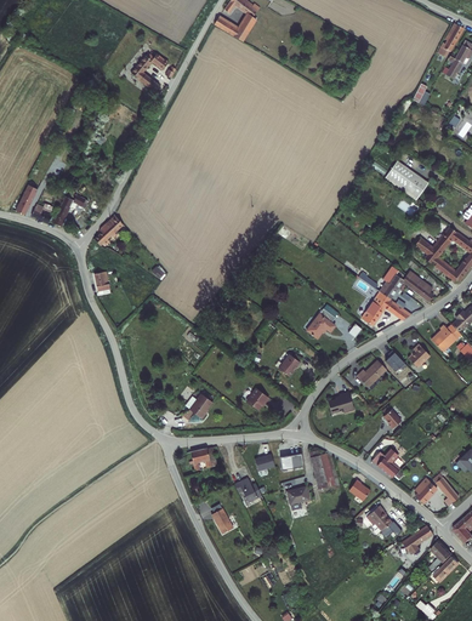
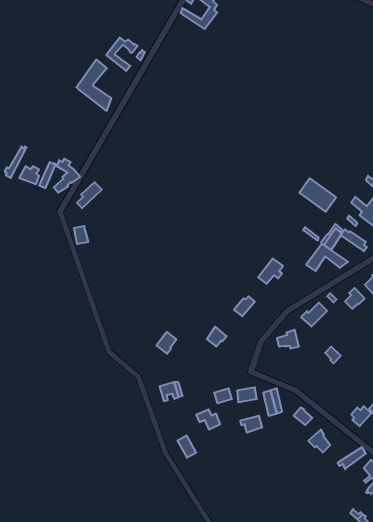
building: none -> [76,60,111,111]
building: [385,159,427,198] -> [299,178,336,212]
building: [371,443,405,475] -> none

